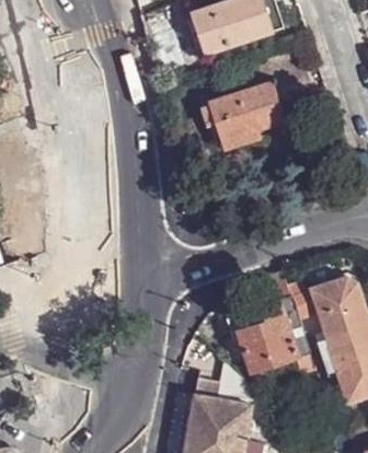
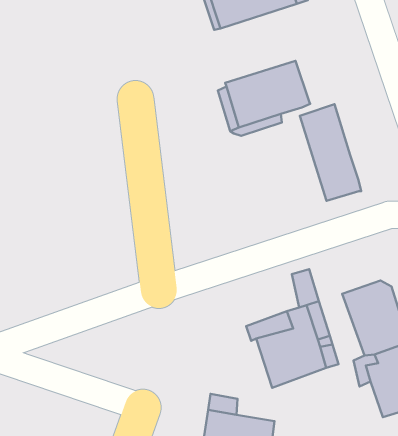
building: none -> [300,104,361,201]

